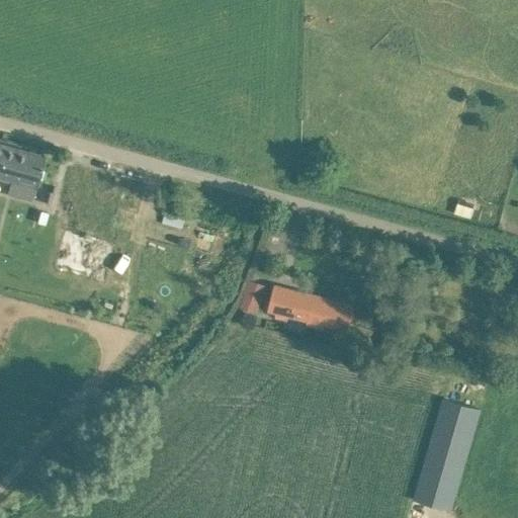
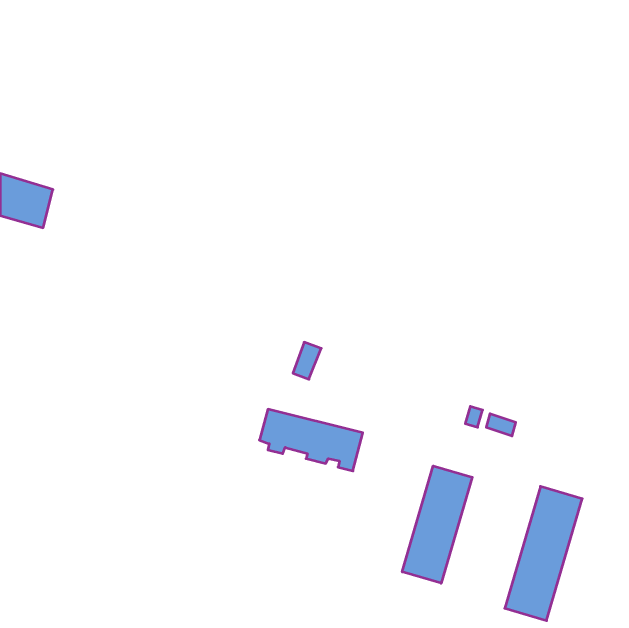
building: [268,285,353,336] -> [259,409,363,471]
building: none -> [402,466,472,583]

